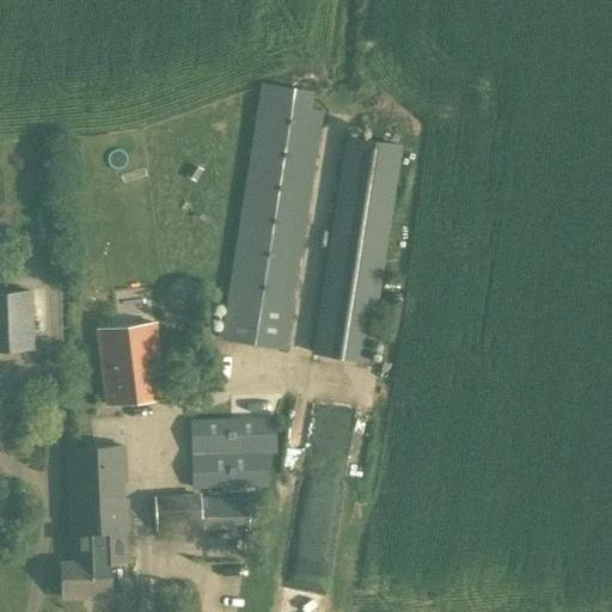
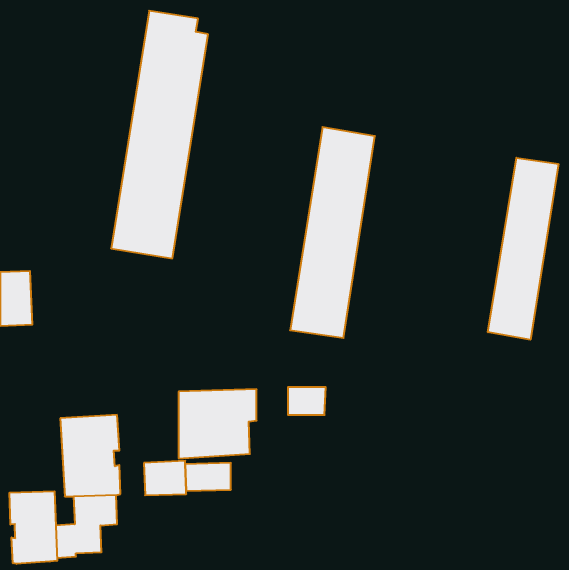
building: [221,85,325,350] -> [111,11,208,258]
building: none -> [488,158,558,340]
building: [99,323,164,404] -> none
building: none -> [10,491,57,564]

